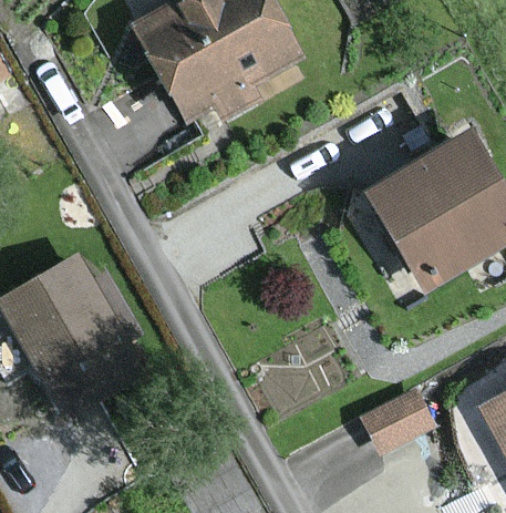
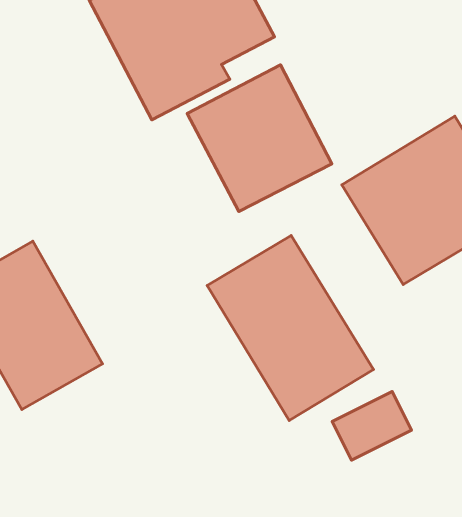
building: none -> [187,65,332,211]
building: none -> [207,235,374,421]

